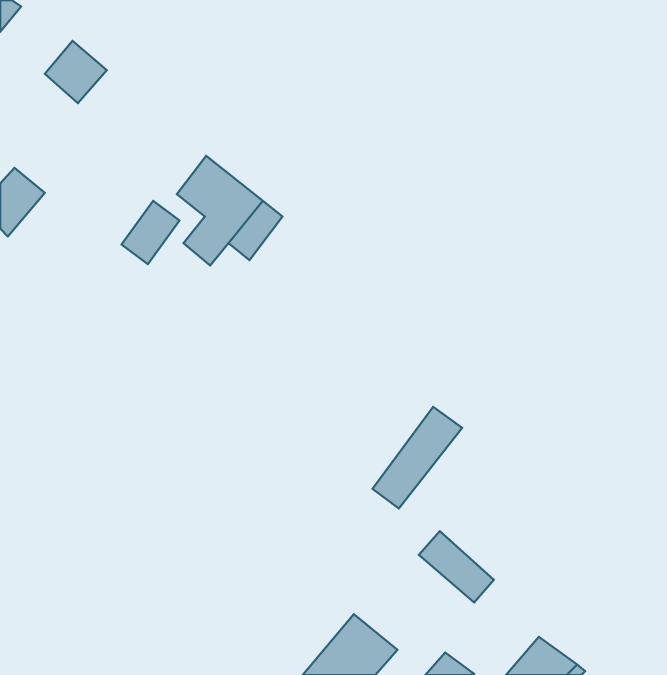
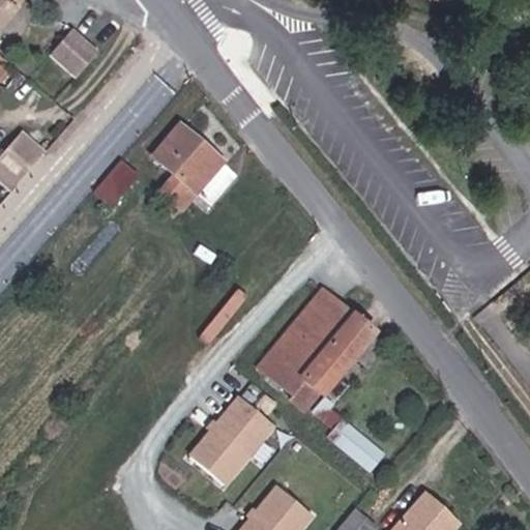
building: none -> [247,293,346,403]
building: none -> [195,392,278,481]

